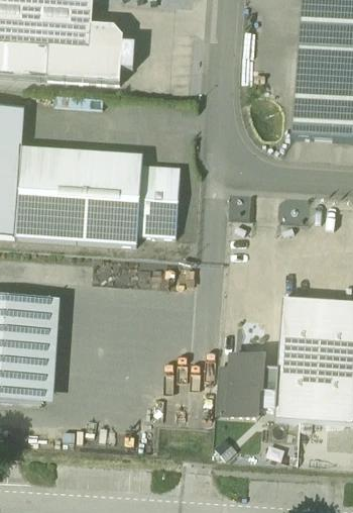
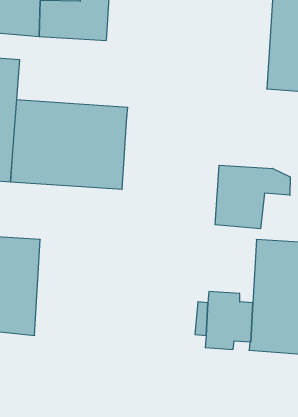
building: [137,165,180,236] -> none
building: none -> [215,165,290,229]

